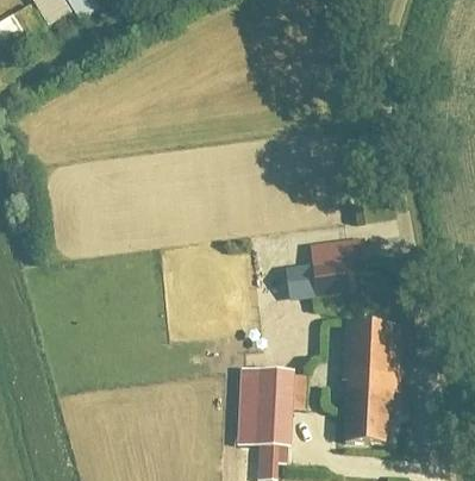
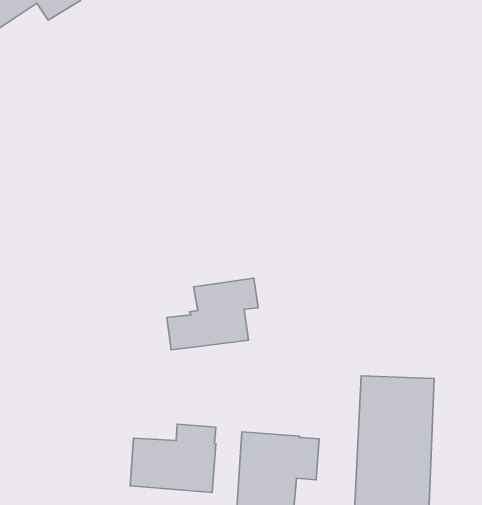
building: [287,236,364,296] -> [167,278,258,350]
building: none -> [130,424,216,492]

